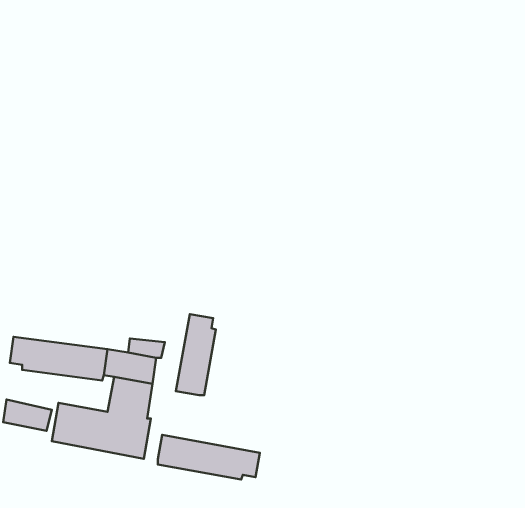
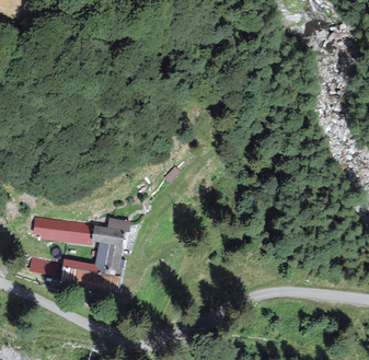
building: [176,314,216,395] -> none
building: [158,435,260,480] -> none

